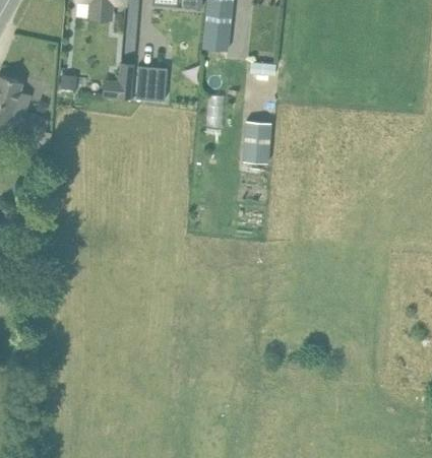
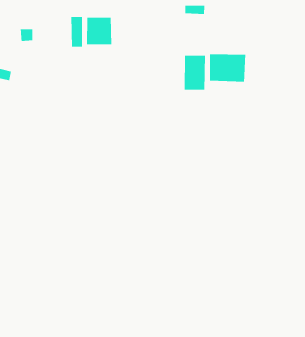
building: none -> [209,54,246,83]

